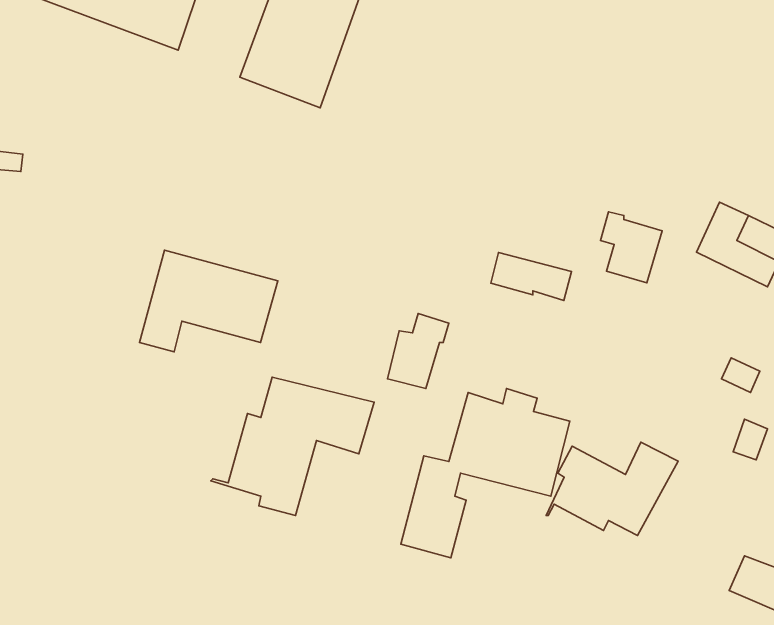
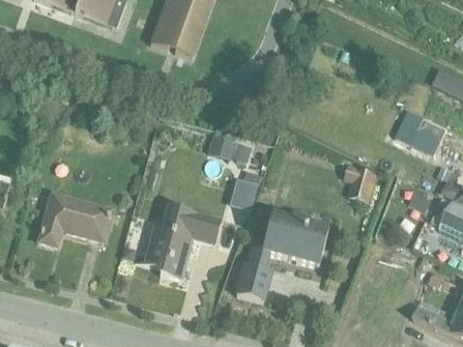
building: [601,212,662,283] -> [344,165,377,203]
building: [140,250,278,352] -> [37,191,112,245]
building: [491,252,571,300] -> [206,136,250,162]
building: [546,442,678,536] -> none

